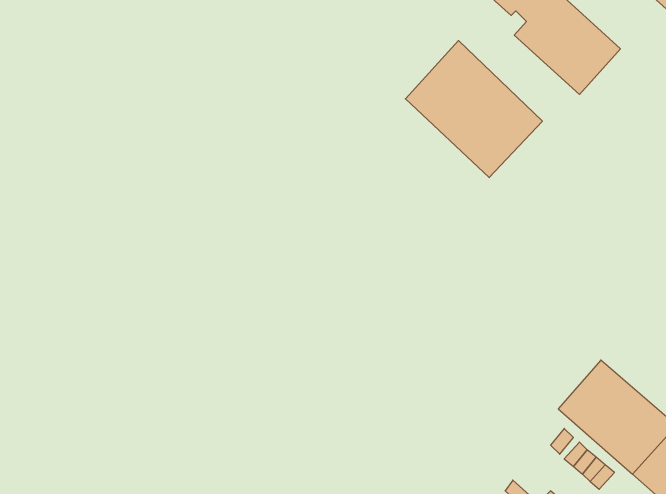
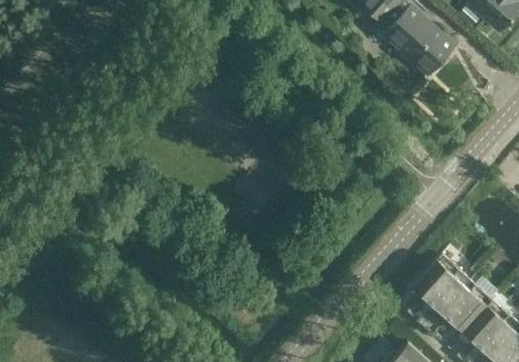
building: [405,41,542,178] -> none

